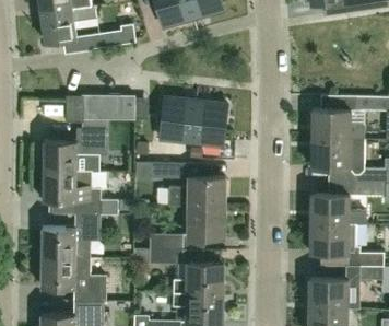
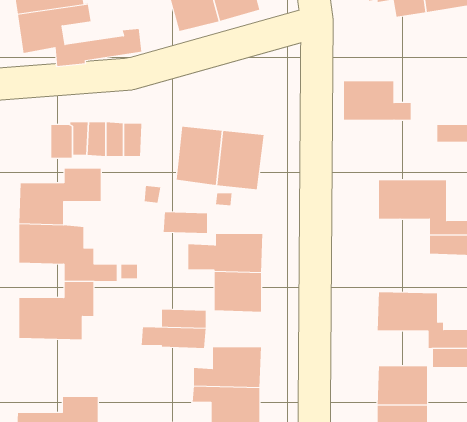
building: [311,108,363,138] -> [343,81,412,120]
building: [311,193,356,223] -> none
building: [40,257,106,301] -> none

